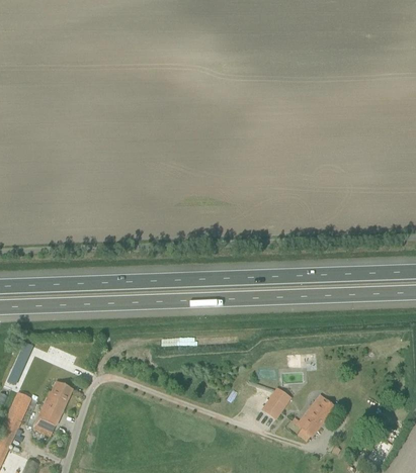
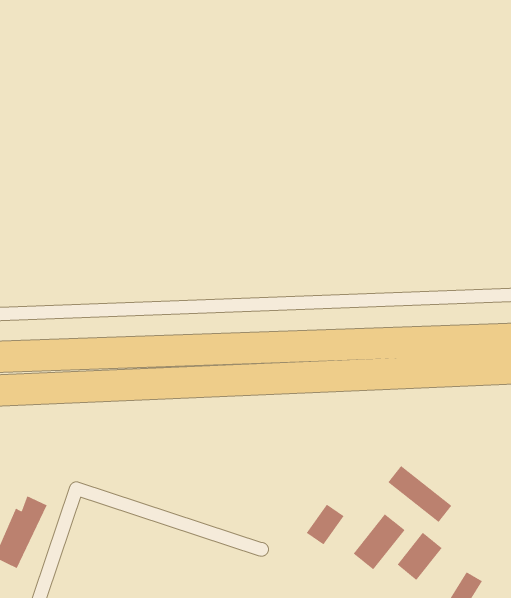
building: none -> [388,465,452,523]
building: none -> [397,532,442,581]

